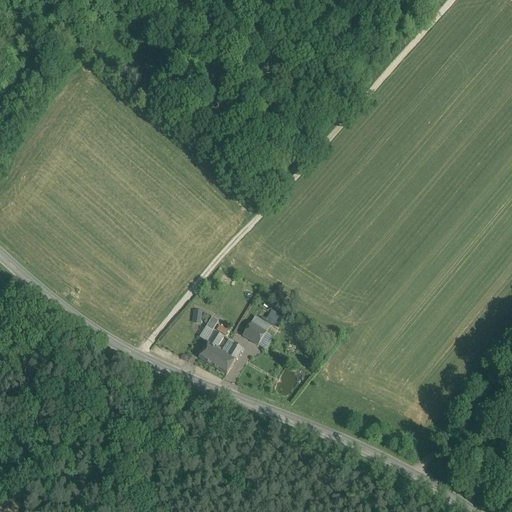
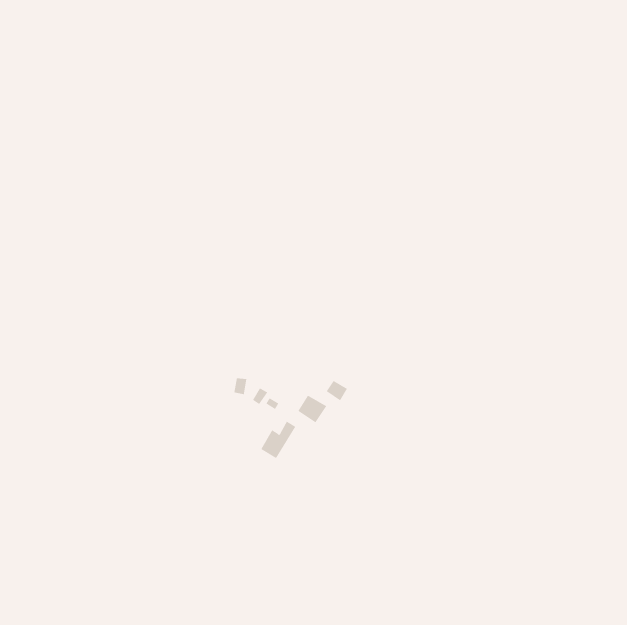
building: [198,330,223,365] -> none

